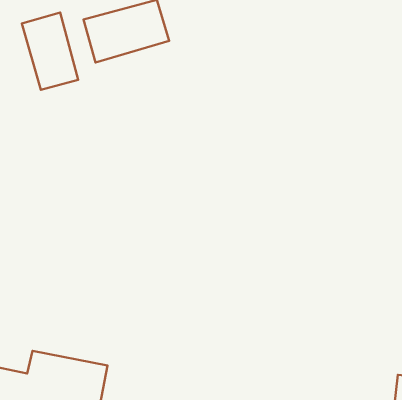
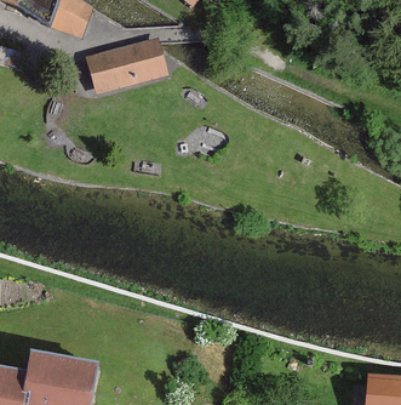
building: [22,13,78,90] -> none

